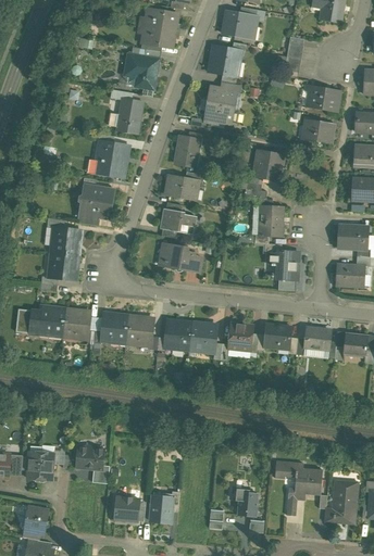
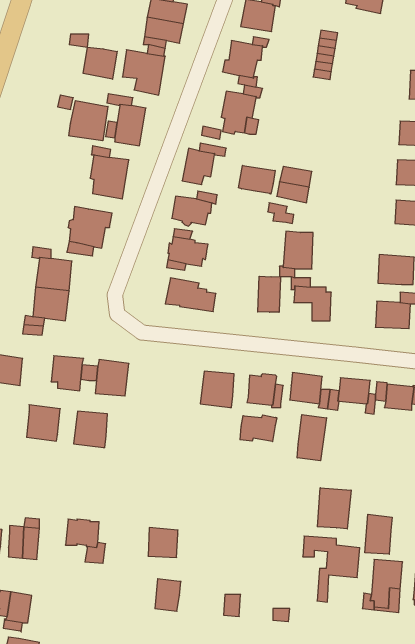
building: none -> [83,47,117,79]
building: [307,87,340,111] -> none
building: none -> [69,101,108,141]
building: [303,119,335,143] -> none
building: none -> [239,165,275,194]
building: none -> [258,276,281,312]
building: [38,306,66,337] -> [27,405,60,441]
building: [126,316,154,346] -> [74,411,107,448]
building: [164,320,192,350] -> none
building: none -> [297,415,327,461]
building: none -> [240,415,277,442]
building: none -> [317,488,351,529]
building: none -> [365,514,392,554]
building: [236,489,259,517] -> none
building: [114,496,139,521] -> [148,528,178,557]

